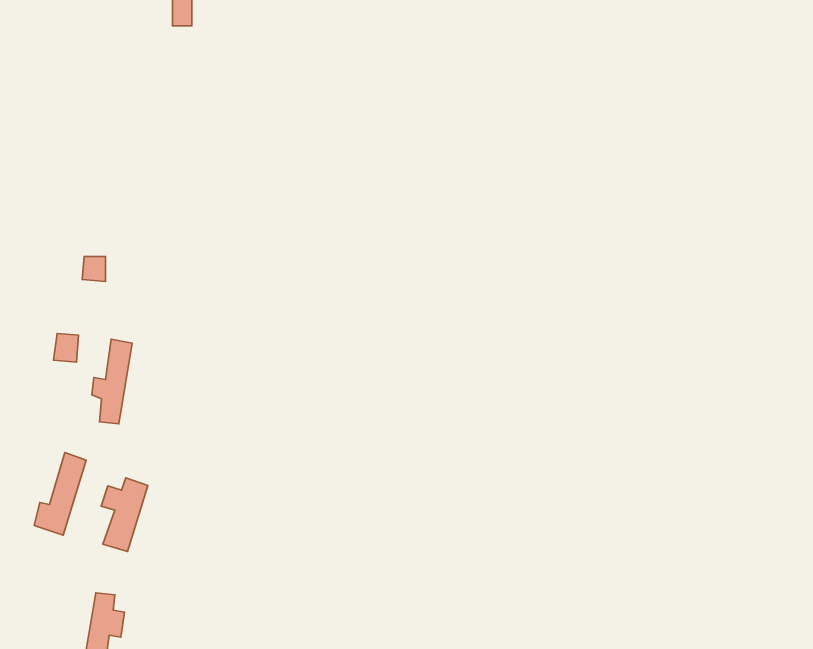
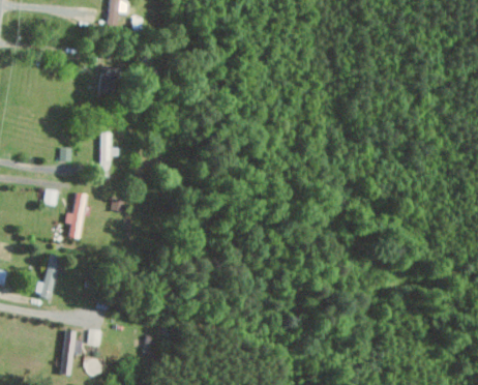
building: none -> [100,132,118,177]
building: [101,478,148,552] -> none

